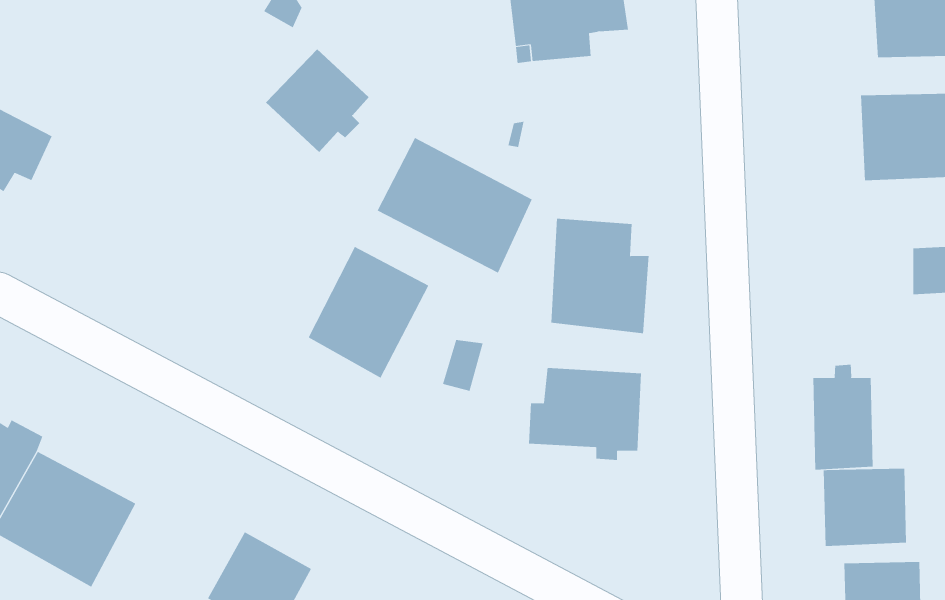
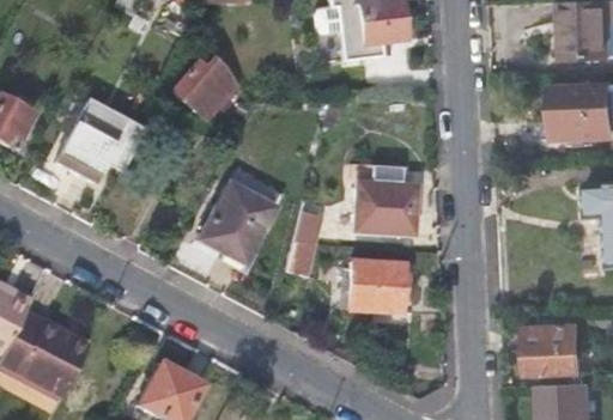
building: none -> [56,99,142,183]
building: [377,137,533,274] -> none
building: [813,364,873,470] -> none

